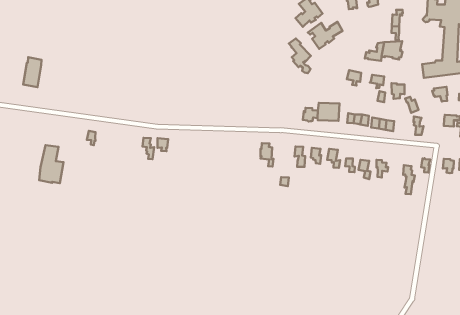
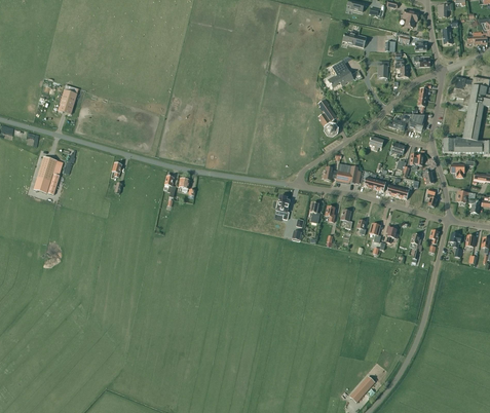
building: [308,22,343,49] -> none
building: [39,145,64,183] -> [34,156,60,194]

